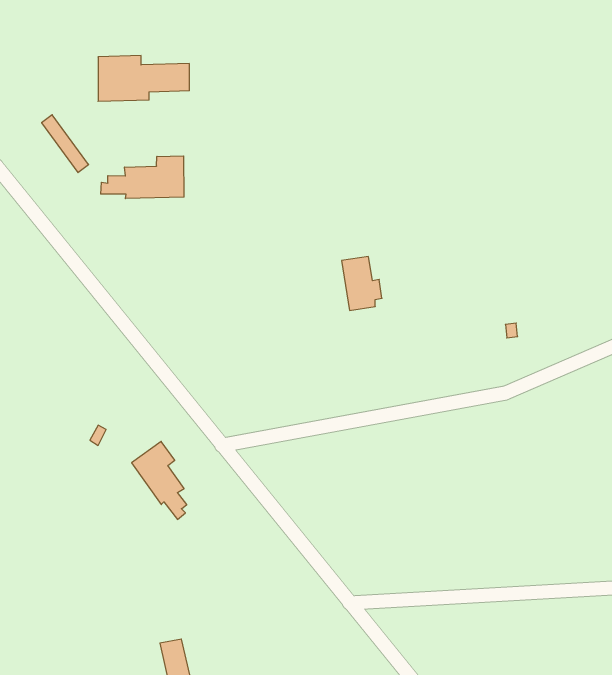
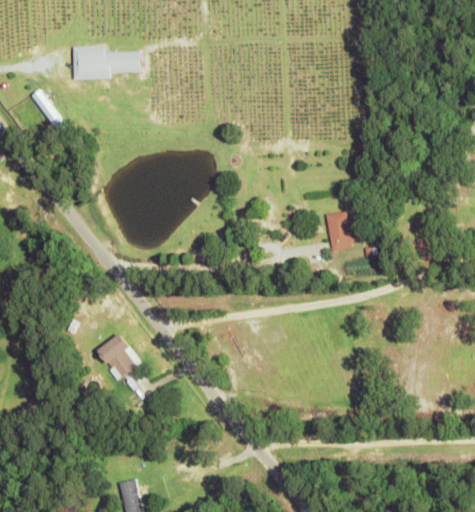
building: [101,156,184,199] -> none
building: [342,257,382,310] -> [327,210,357,250]

